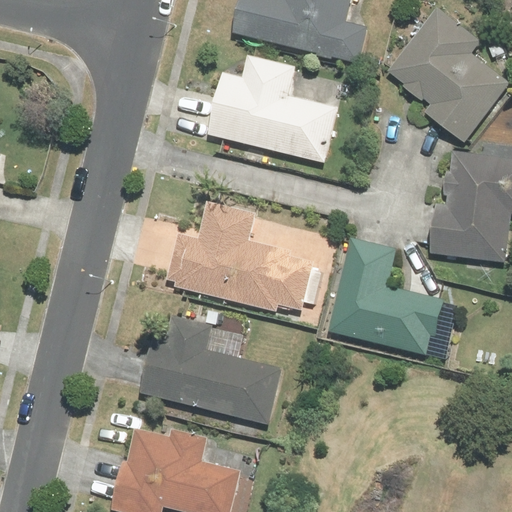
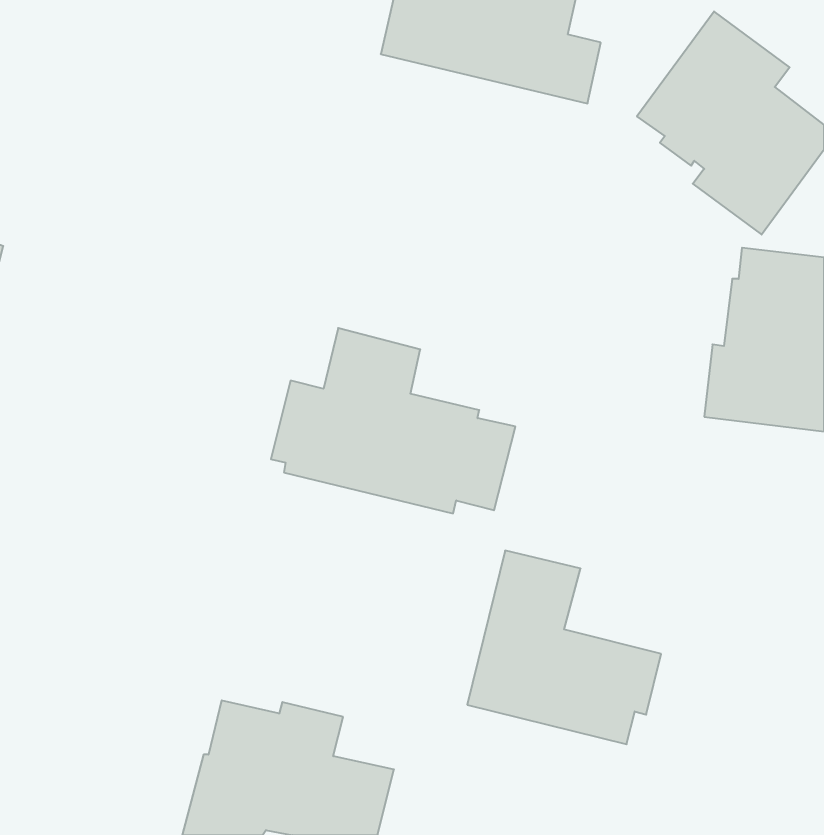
building: [207,55,339,163] -> none
building: [328,237,446,355] -> [467,551,661,744]
building: [139,315,282,425] -> none

